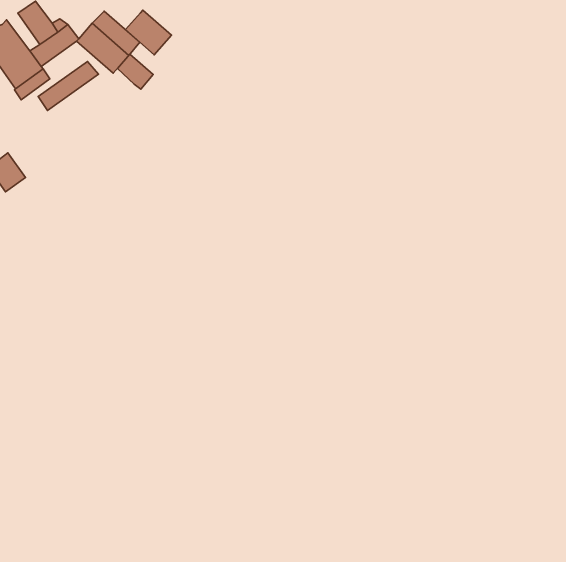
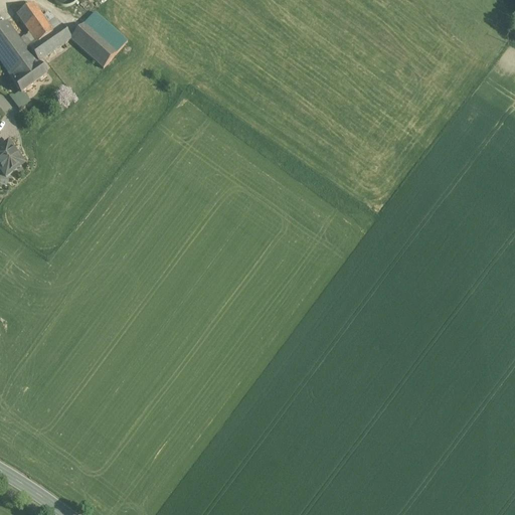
building: [126,10,171,55] -> none
building: [117,54,153,89] -> none
building: [38,61,98,110] -> none

